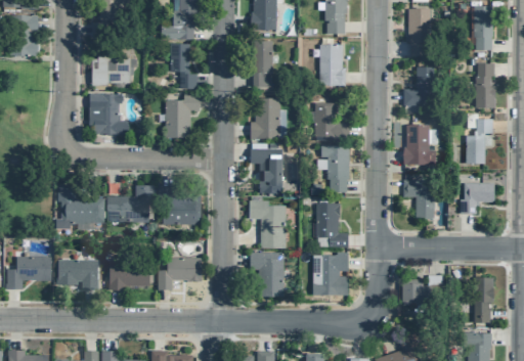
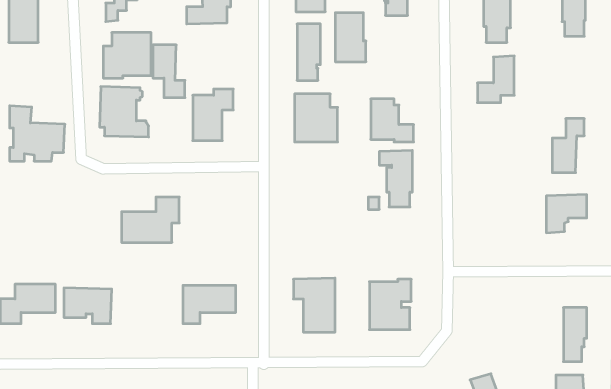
building: [170,44,196,88] -> [153,45,185,98]
building: [319,44,345,85] -> [335,13,366,62]
building: [474,63,495,107] -> none
building: [404,125,435,165] -> none
building: [250,147,282,193] -> none
building: [403,180,434,218] -> none
building: [58,183,104,229] -> [10,106,65,161]
building: [159,185,201,224] -> none
building: [250,200,286,246] -> none
building: [316,204,348,246] -> none
building: [108,260,149,290] -> none
building: [402,274,442,304] -> none

